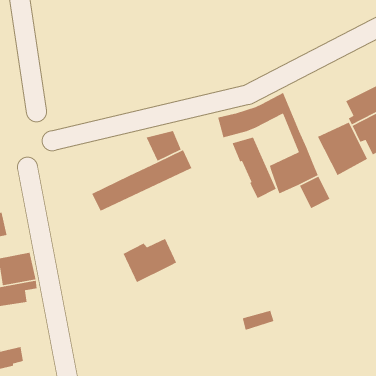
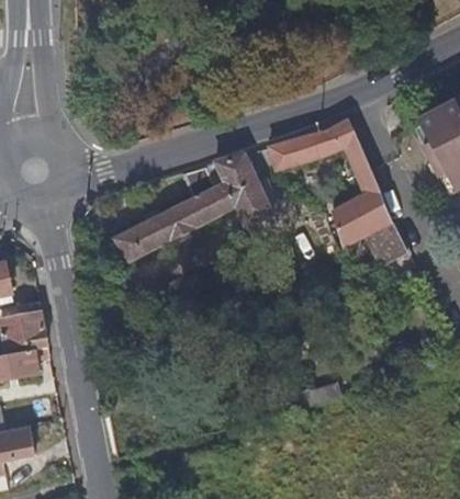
building: [317,121,368,176] -> none
building: [232,136,277,199] -> [214,155,269,230]
building: [122,238,177,283] -> none

